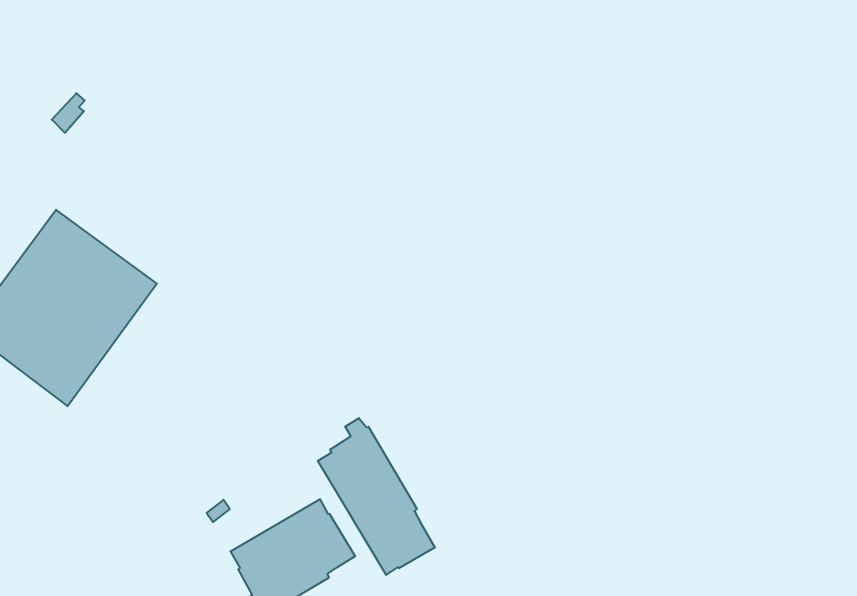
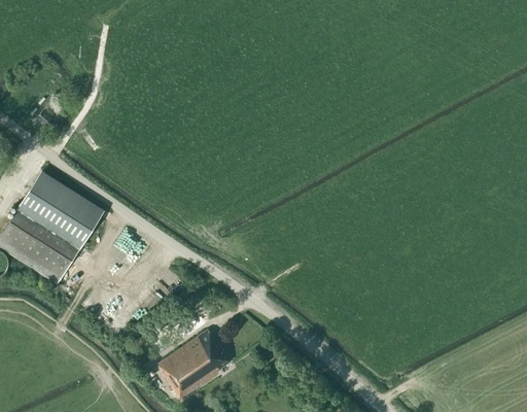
building: [318,418,435,575] -> none

